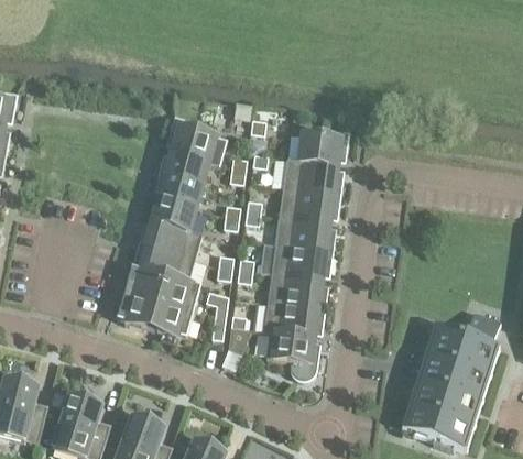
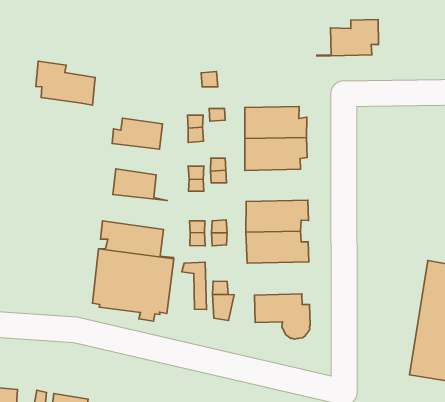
building: [170,114,226,163] -> [36,61,95,105]
building: [287,128,349,163] -> [317,20,378,56]
building: [160,171,203,206] -> none
building: [275,215,335,251] -> none
building: [140,218,203,258] -> none
building: [263,300,325,337] -> none

